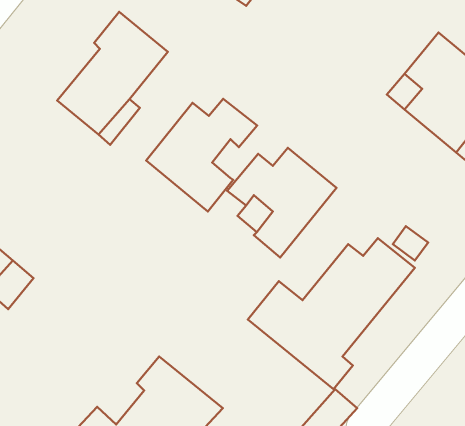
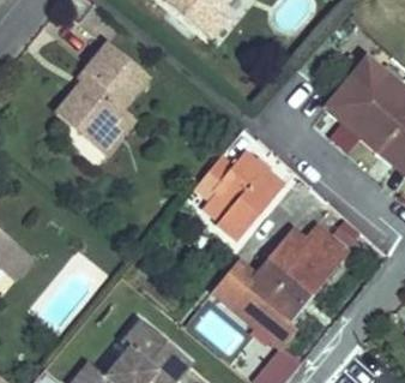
building: [146,99,257,211] -> none

